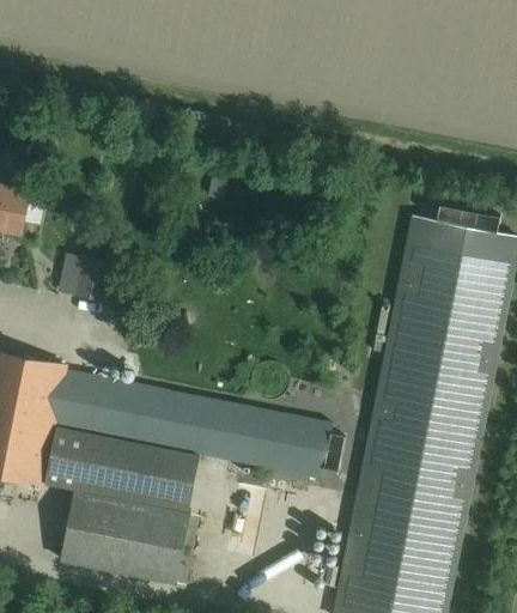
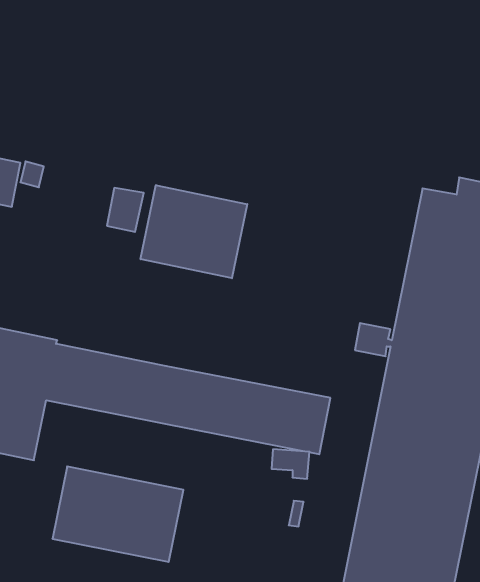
building: none -> [141,185,247,278]
building: [71,257,107,301] -> [107,188,144,232]
building: [38,425,196,512] -> none

